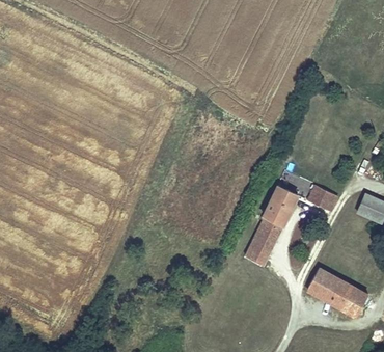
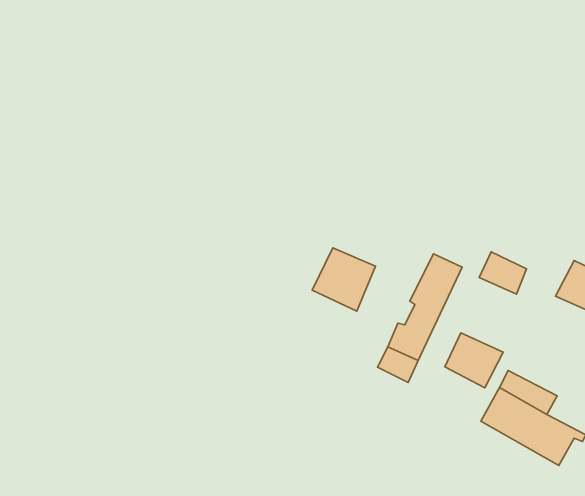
building: none -> [312,248,375,311]
building: none -> [445,333,503,388]

